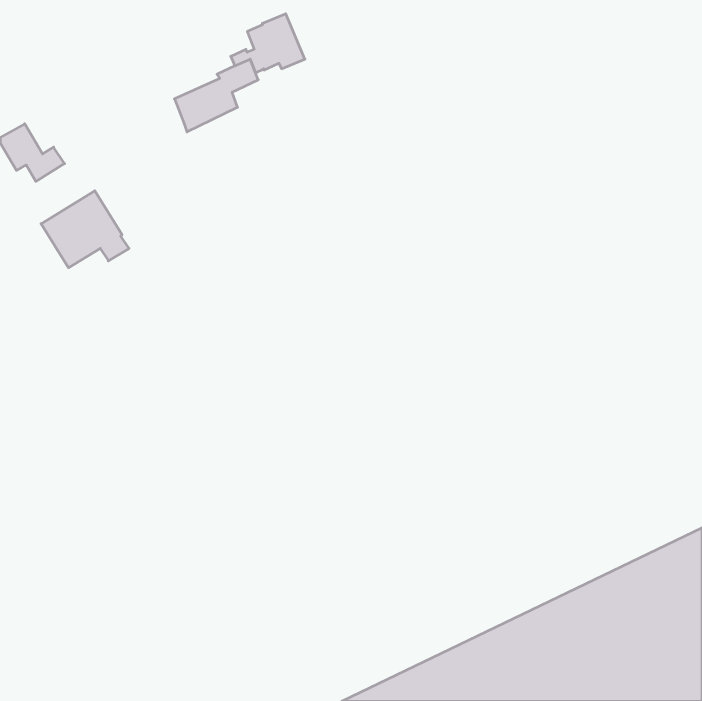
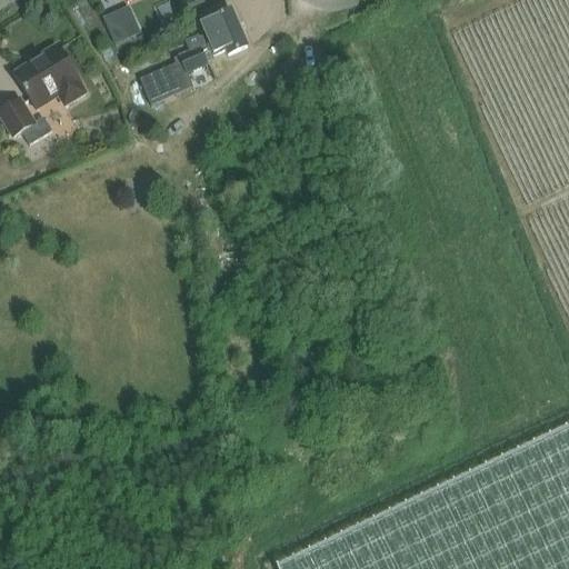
building: none -> [103,8,141,46]
building: [41,191,129,268] -> [14,48,86,110]

